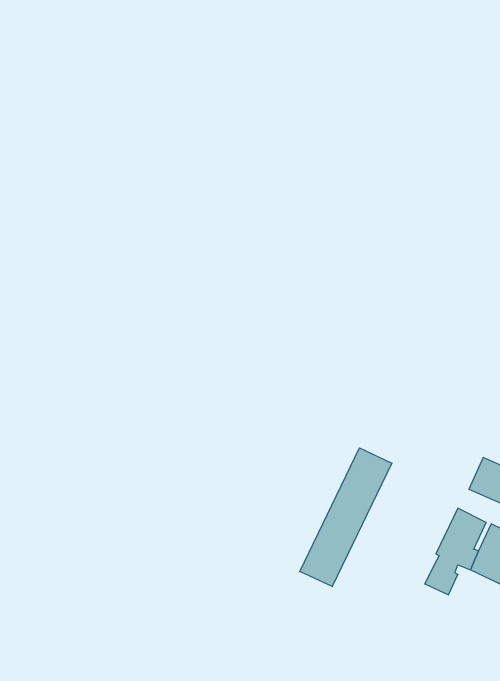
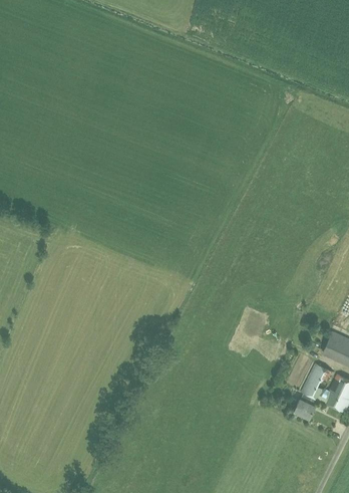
building: [300,448,392,587] -> none

